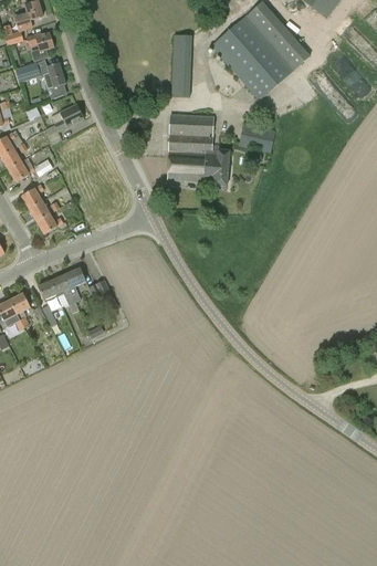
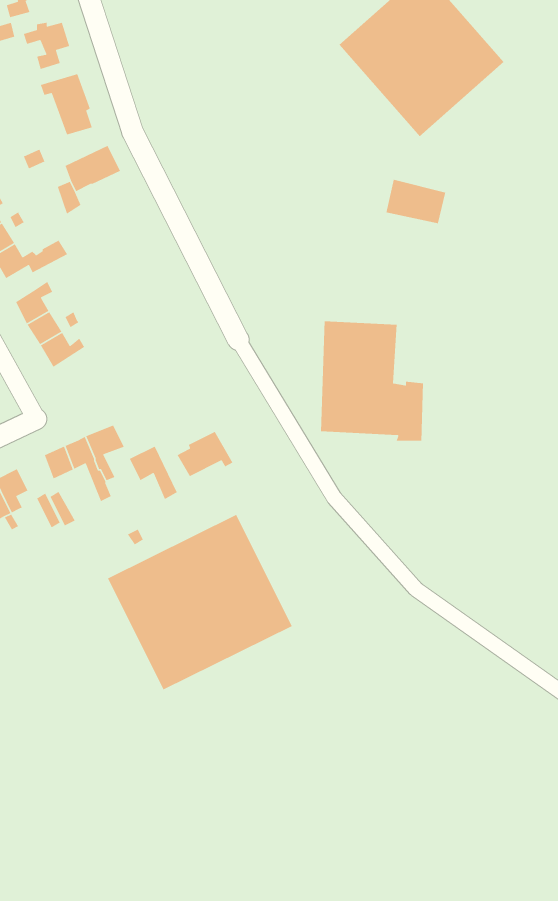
building: [171,35,191,97] -> none
building: [168,114,229,185] -> [320,320,424,441]
building: none -> [176,431,233,477]
building: none -> [107,514,293,691]

